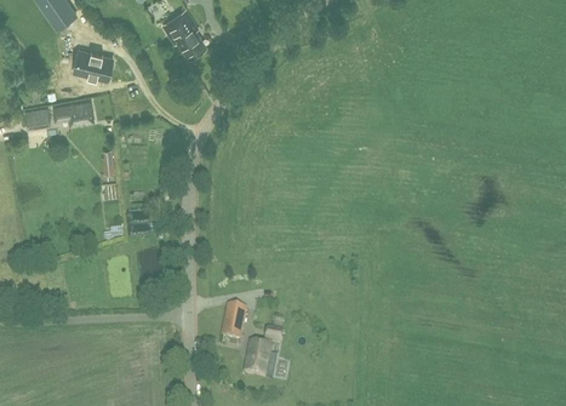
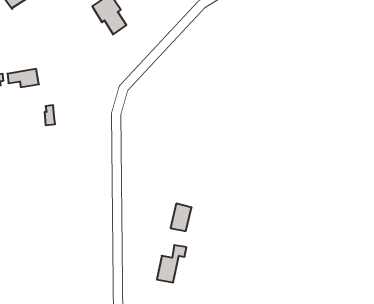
building: [72,47,112,78] -> none
building: [219,303,246,338] -> [171,204,192,231]

